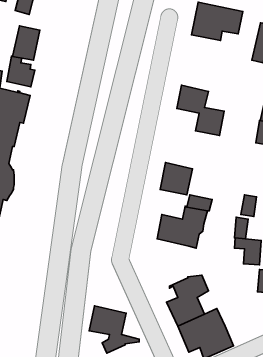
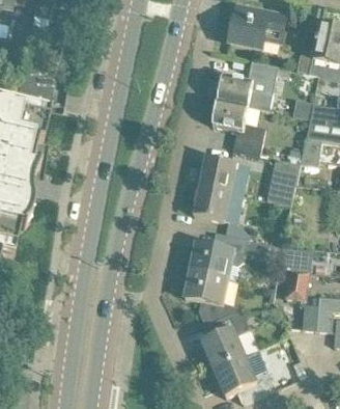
building: [13,26,40,60] -> none
building: none -> [217,59,277,110]
building: none -> [199,156,234,191]
building: none -> [265,175,295,206]
building: [89,306,139,353] -> [183,269,239,322]

